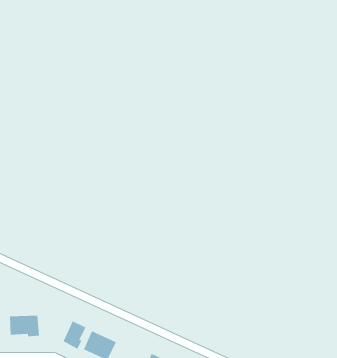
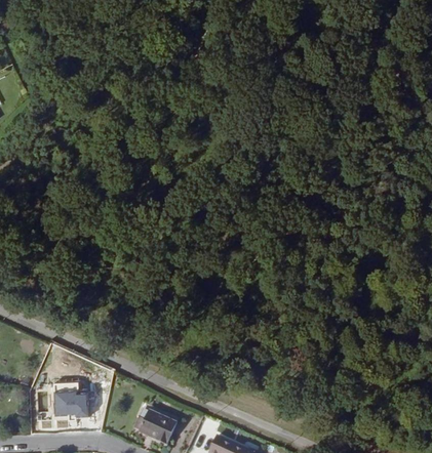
building: [63,320,86,349] -> none

